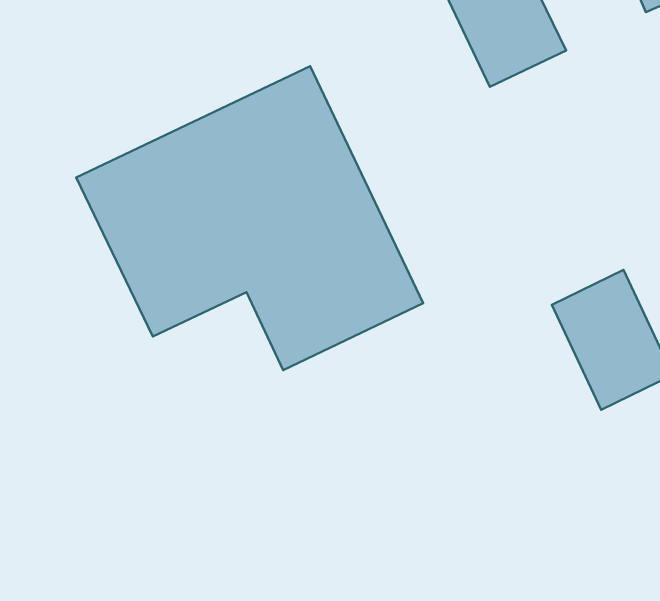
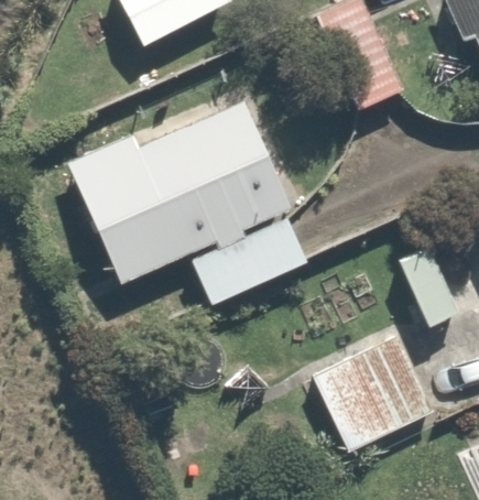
building: none -> [312,333,440,457]

